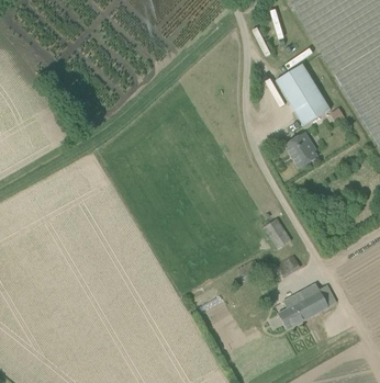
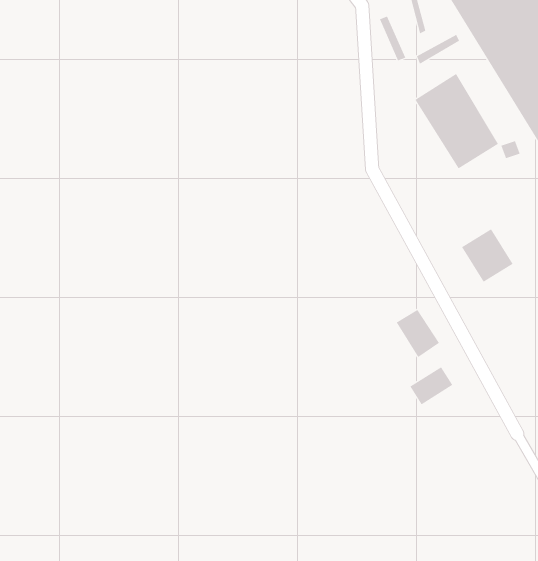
building: [286,131,320,166] -> [461,229,513,282]
building: [278,281,329,327] -> none

